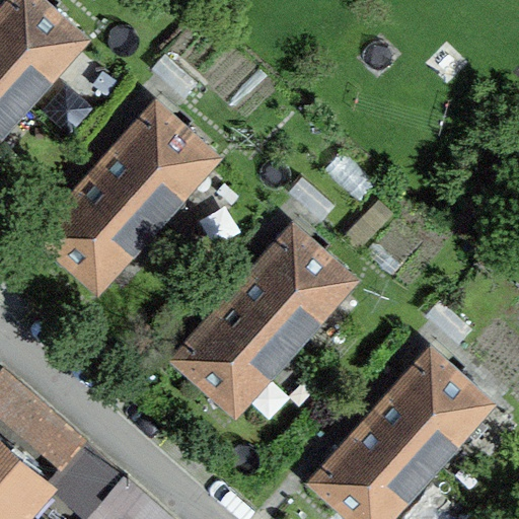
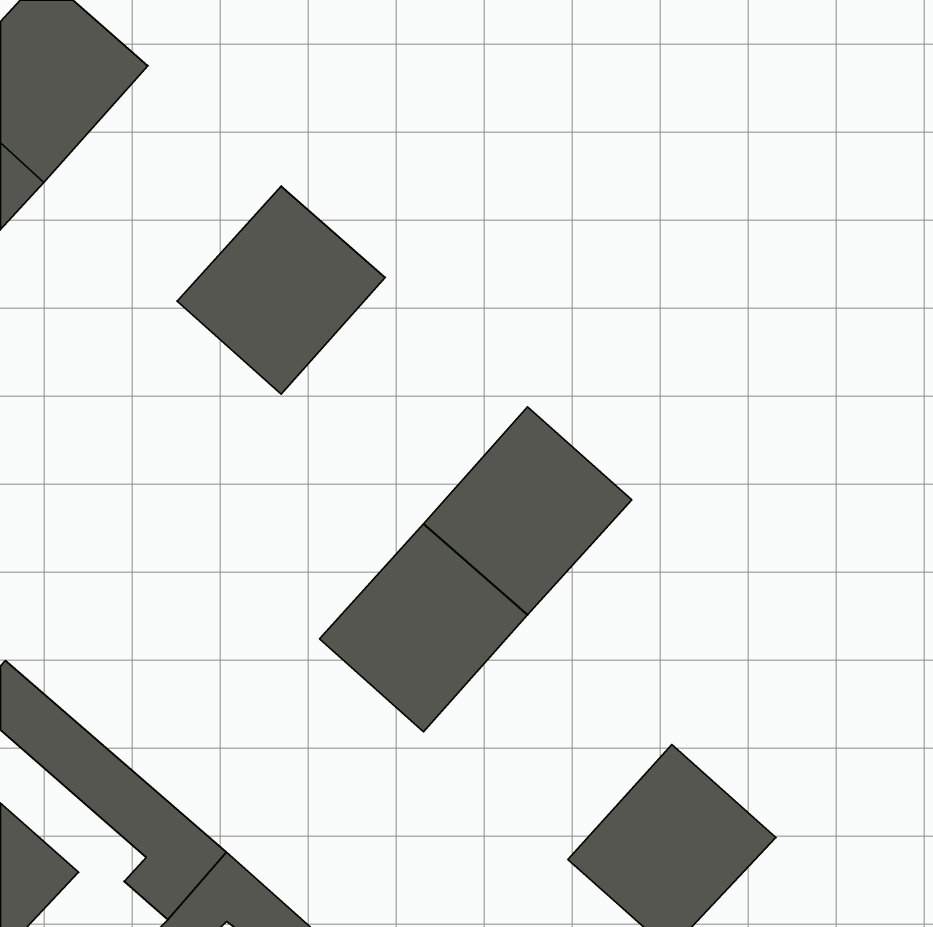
building: [41,170,156,287] -> none
building: [373,352,489,468] -> none

